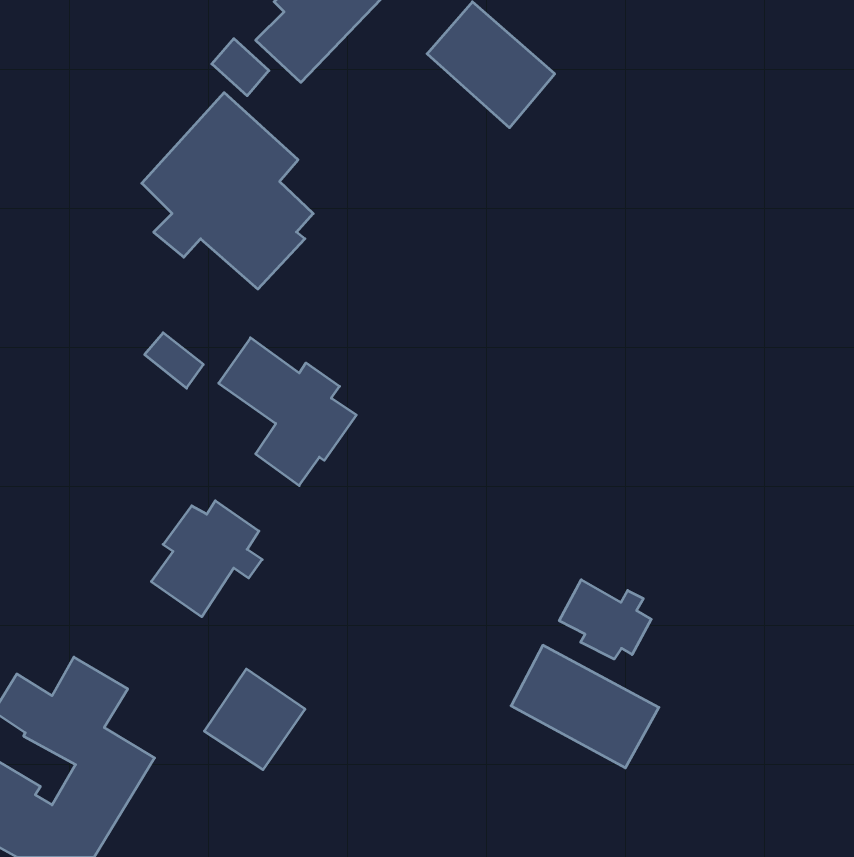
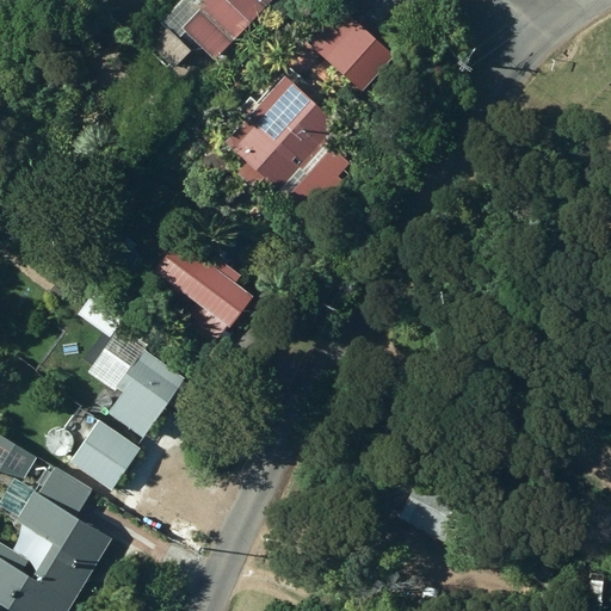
building: [142,93,313,289] -> [226,76,347,216]
building: [559,580,651,659] -> none
building: [204,669,305,770] -> [68,419,140,490]

